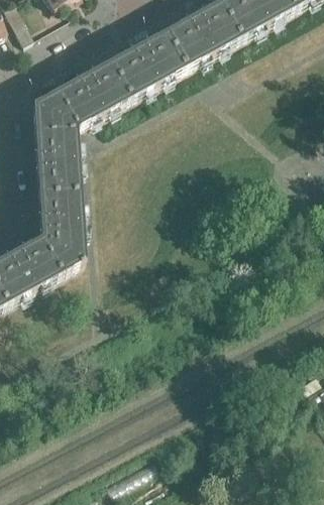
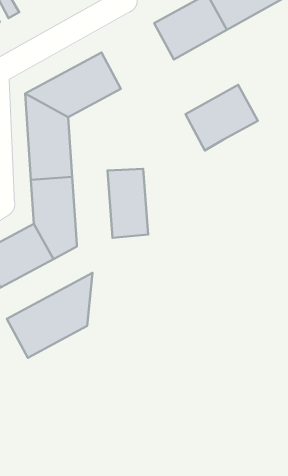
building: [110,29,185,97] -> [185,85,258,150]
building: none -> [108,169,148,238]
building: none -> [7,273,93,358]

